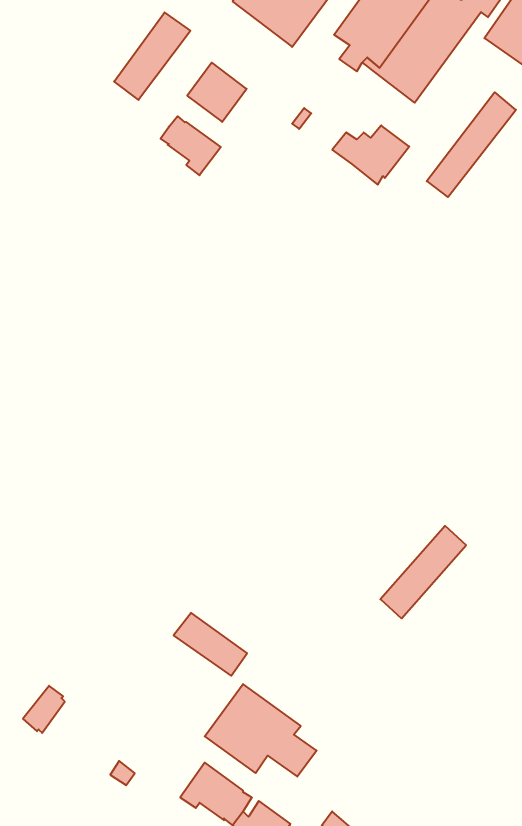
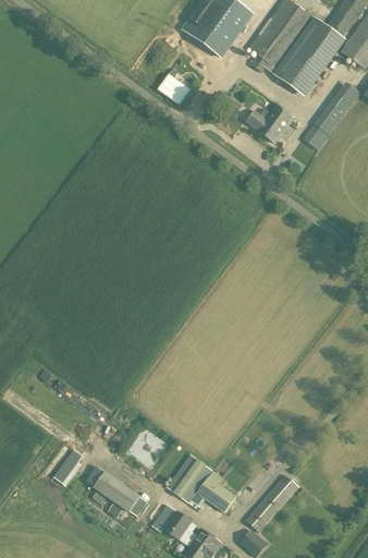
building: [114,12,190,100] -> none
building: [161,116,221,175] -> none
building: [380,526,466,618] -> [245,473,298,531]
building: [174,613,247,676] -> [94,471,139,510]

